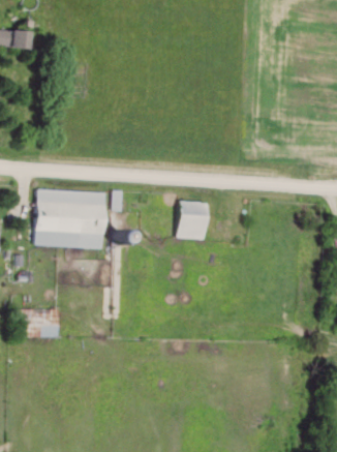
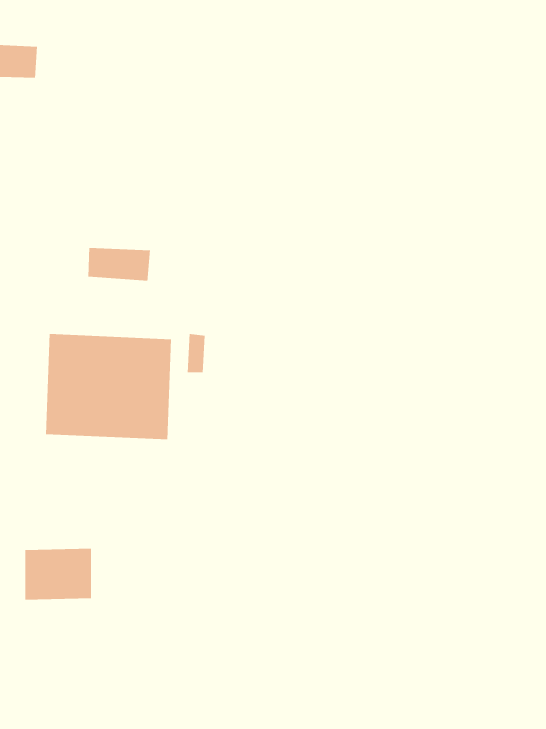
building: none -> [88,247,151,281]
building: [179,201,207,238] -> none

